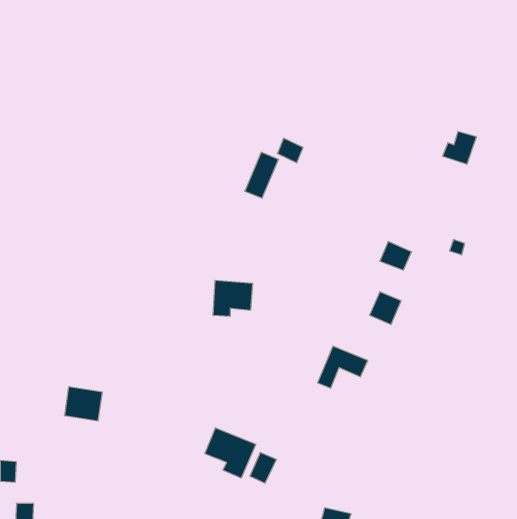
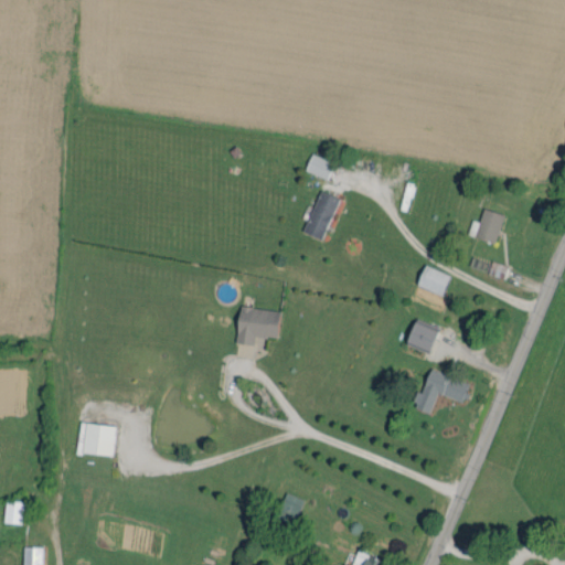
building: [443,132,476,164] -> [468,209,504,244]
building: [245,152,279,198] -> [303,191,340,241]
building: [318,346,368,388] -> [416,369,470,414]
building: [205,428,256,478] -> none

